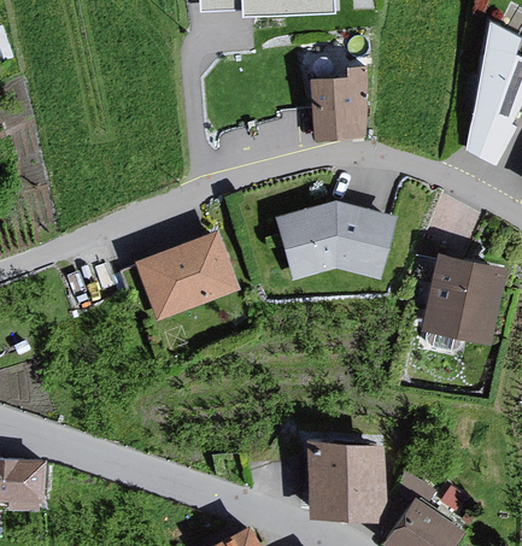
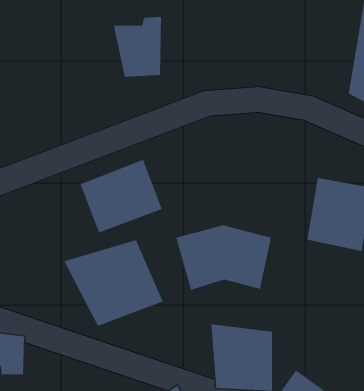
building: [303,64,364,141] -> [113,16,162,77]
building: [274,200,395,283] -> [175,225,272,291]
building: none -> [63,239,164,327]

